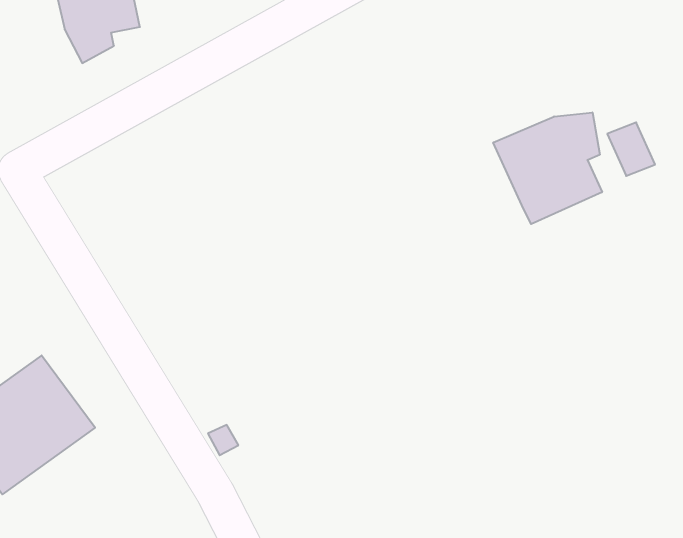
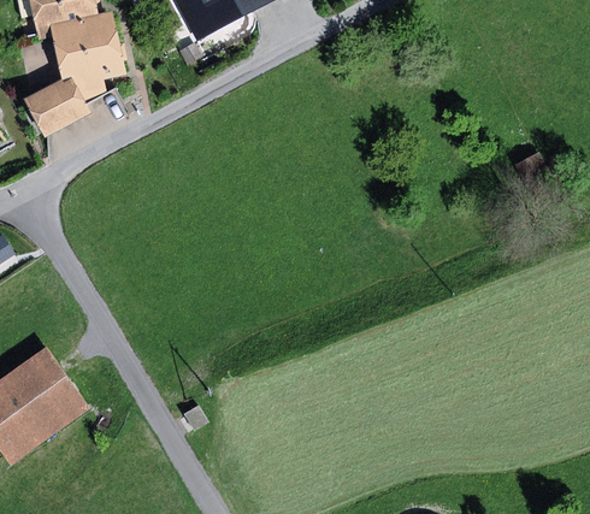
building: none -> [24,76,84,135]
building: [493,112,602,224] -> none

